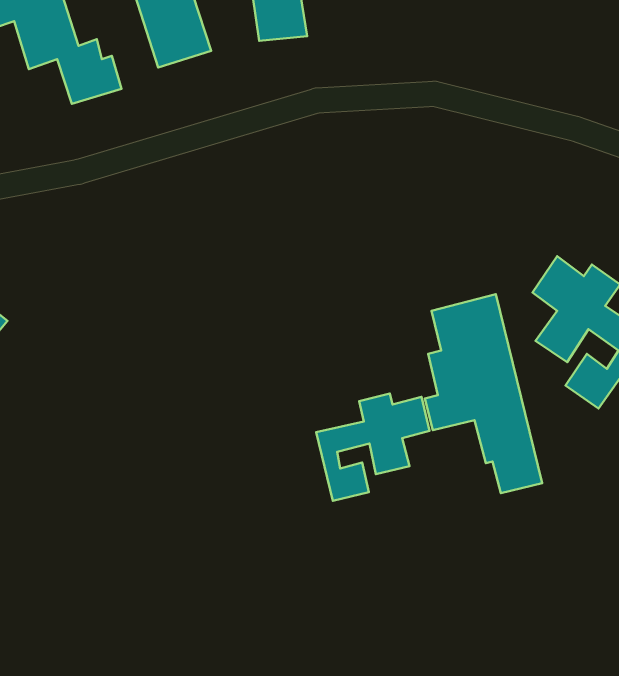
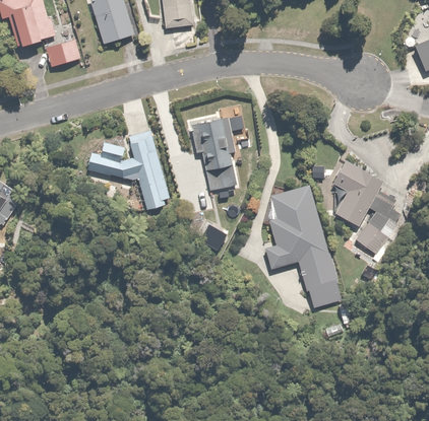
building: none -> [191,118,236,190]
building: none -> [87,130,168,210]
building: [316,394,429,501] -> none

